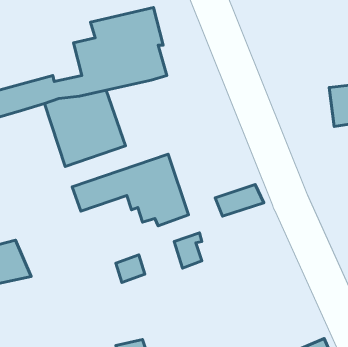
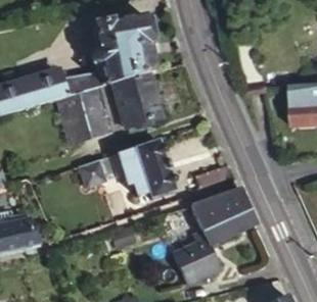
building: none -> [106,77,160,132]
building: none -> [177,186,258,283]

